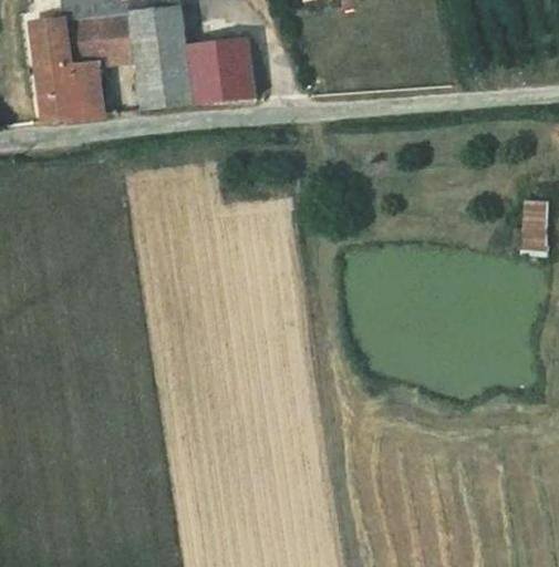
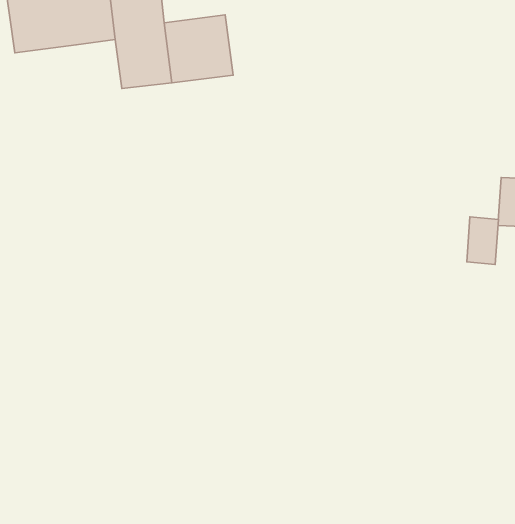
building: [37,66,104,123] -> none
building: none -> [467,217,498,265]

